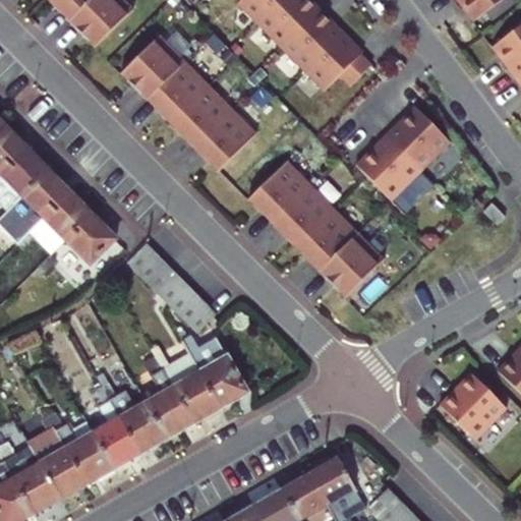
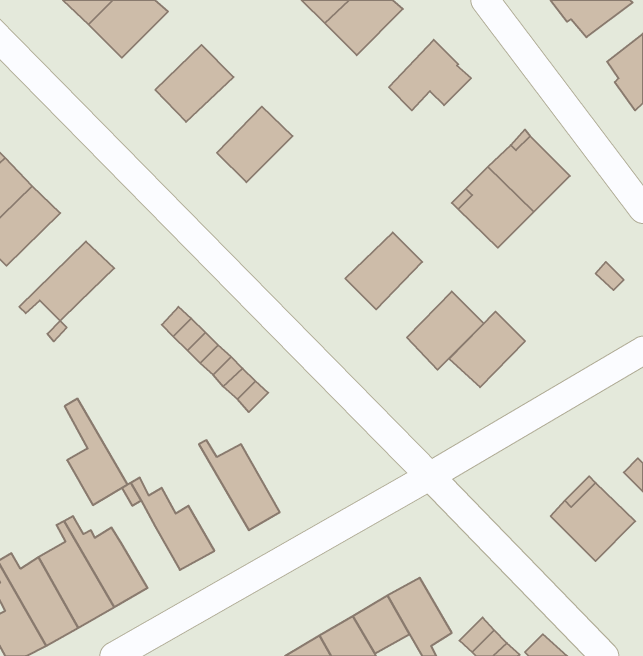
building: [283,7,344,69] -> none
building: [148,61,208,121] -> none
building: [195,108,257,169] -> none
building: [249,160,311,221] -> none
building: [5,169,68,243] -> none
building: [298,208,358,268] -> [449,312,525,387]
building: [63,213,115,265] -> none
building: [183,335,246,406] -> none
building: [148,352,197,437] -> [65,399,127,505]
building: [97,417,142,466] -> none

